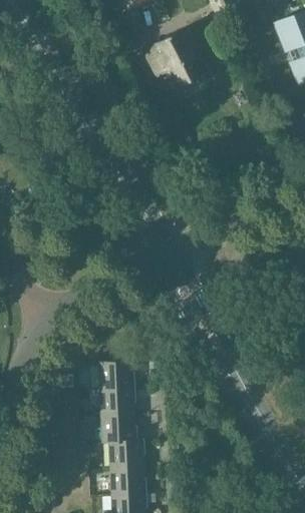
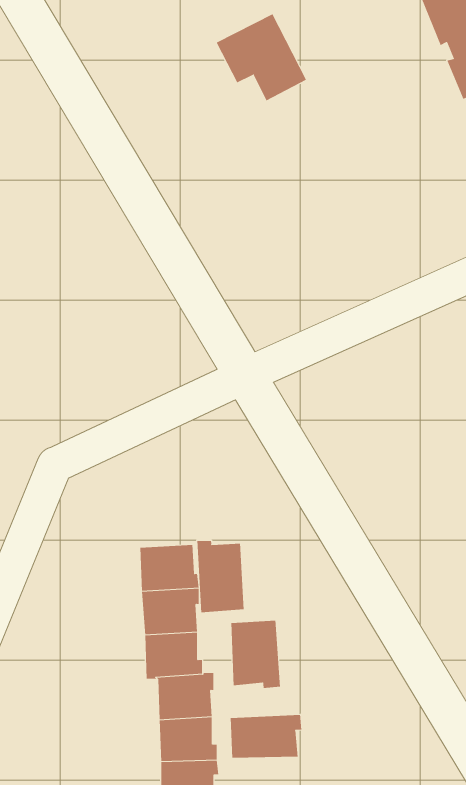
building: none -> [197,540,244,613]
building: none -> [231,620,281,689]
building: none -> [230,714,302,759]

